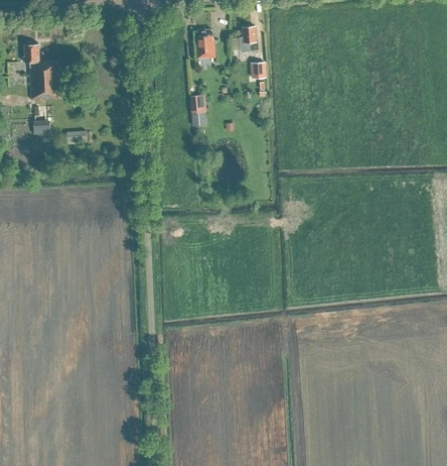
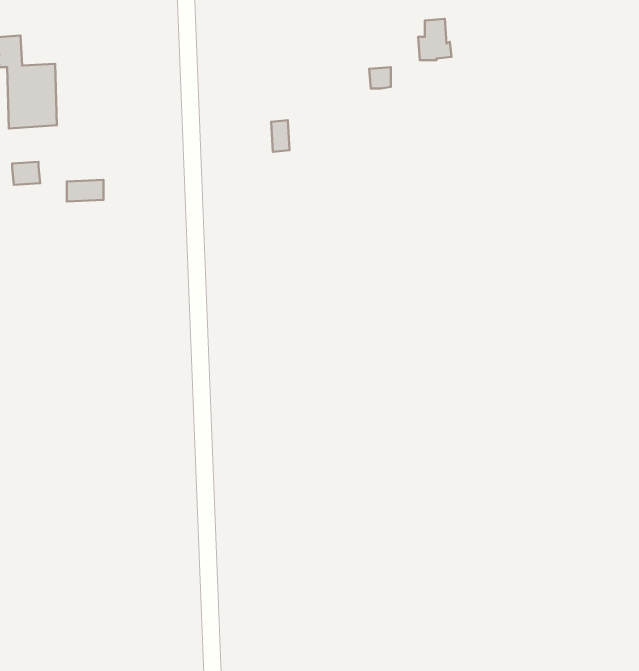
building: [239,25,259,50] -> [418,19,451,60]
building: [195,28,215,59] -> none

